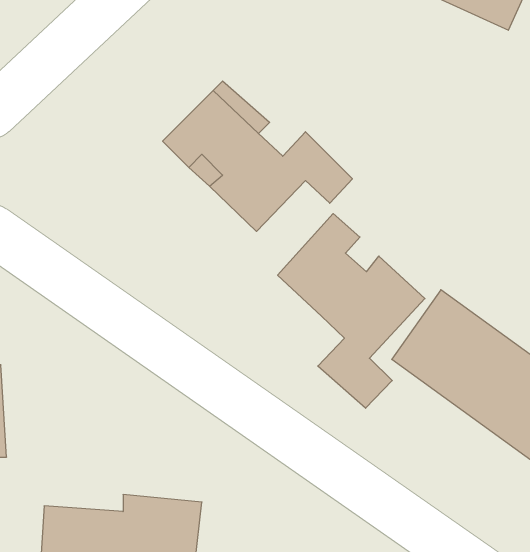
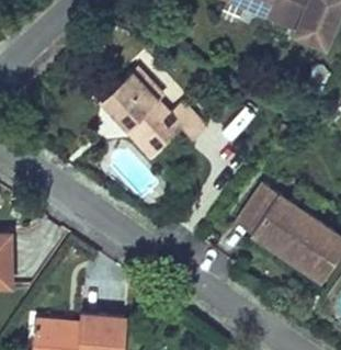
building: [278,214,425,408] -> none

